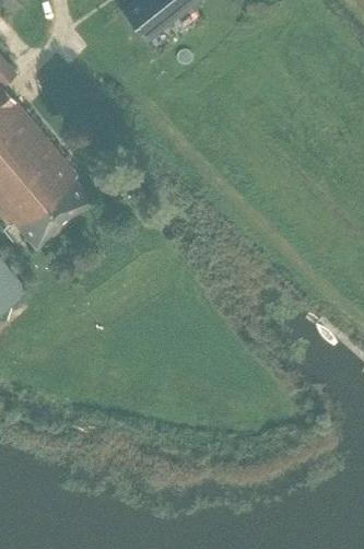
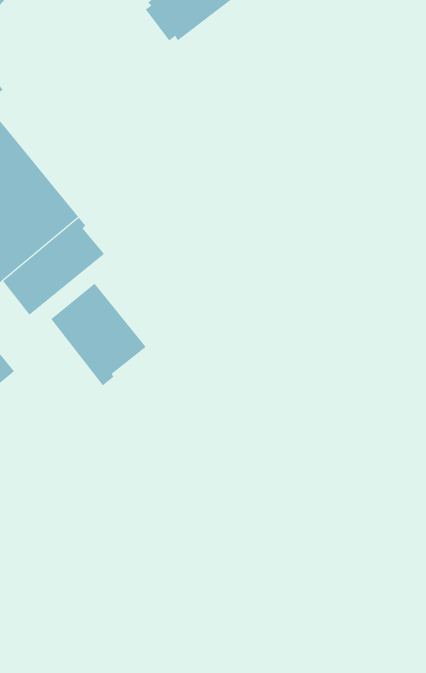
building: none -> [51,283,146,386]

